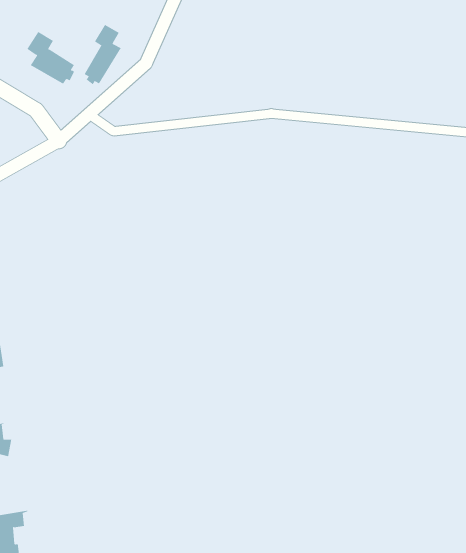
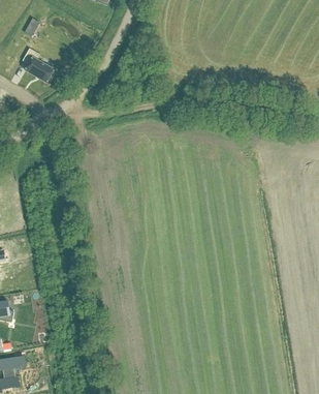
building: [84,24,122,85] -> none

